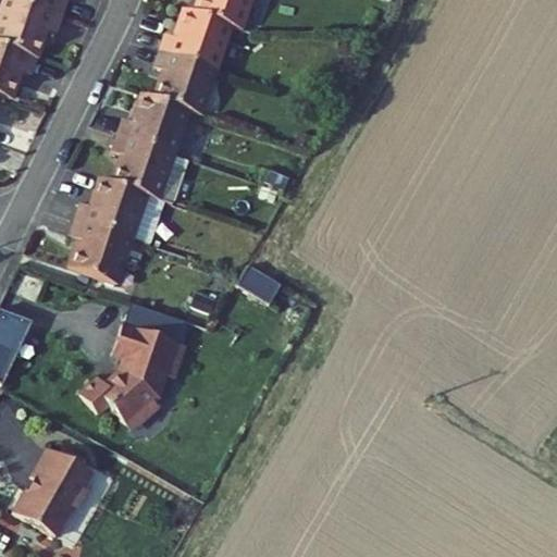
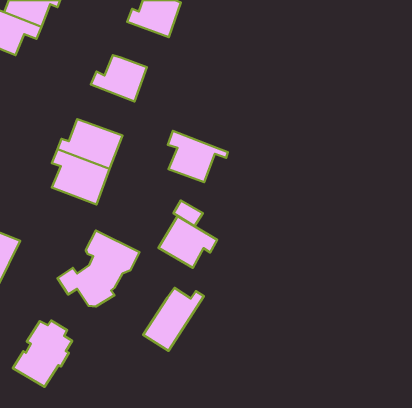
building: [162,38,226,103] -> none
building: [115,122,196,190] -> [168,131,228,182]
building: none -> [158,216,217,268]
building: none -> [143,288,204,351]

